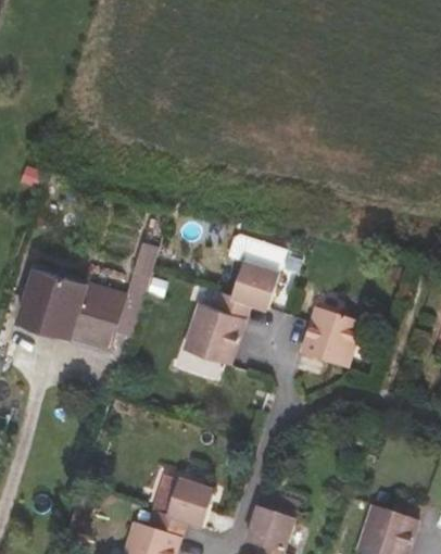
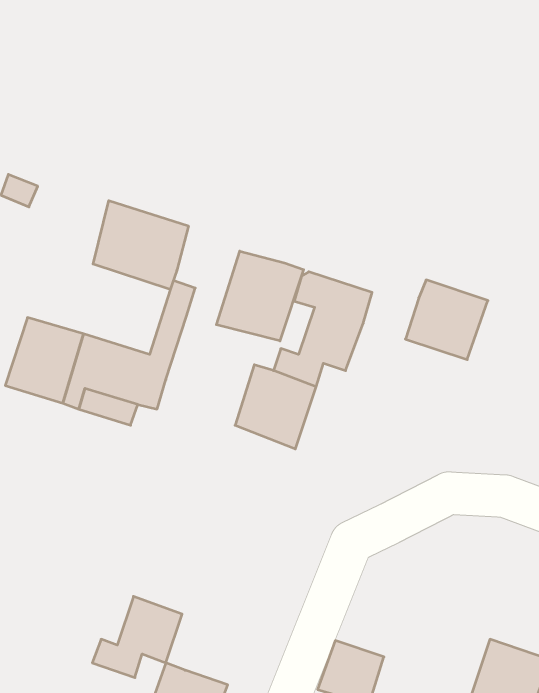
building: none -> [93,201,188,290]
building: none -> [216,251,304,341]
building: [300,309,361,367] -> [405,280,488,360]
building: [148,479,214,539] -> [92,596,182,678]

